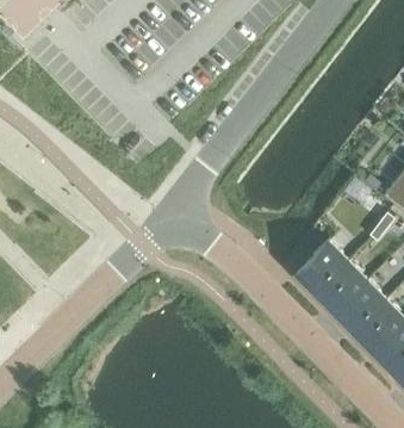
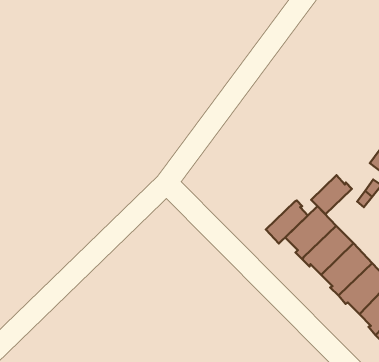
building: none -> [311,175,352,214]
building: none -> [266,200,308,243]

